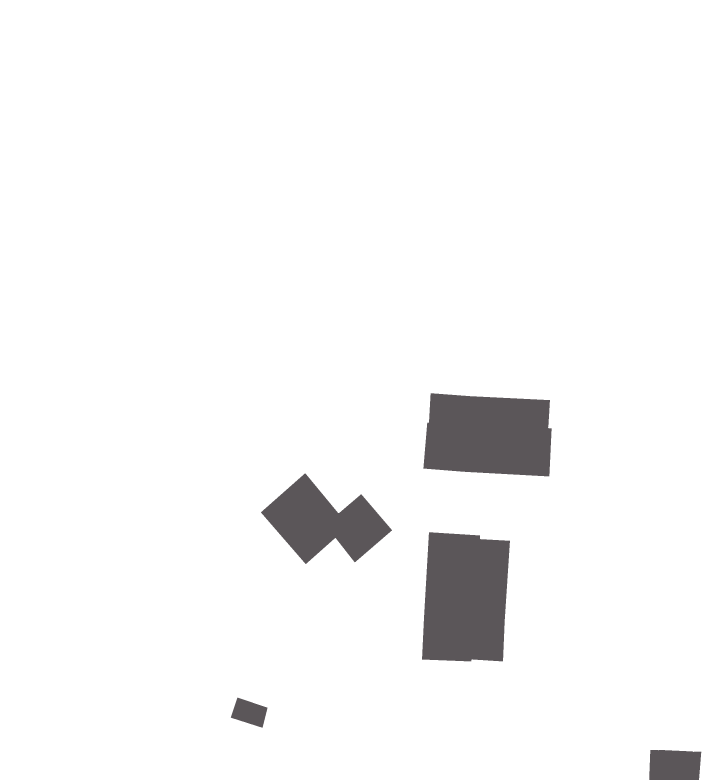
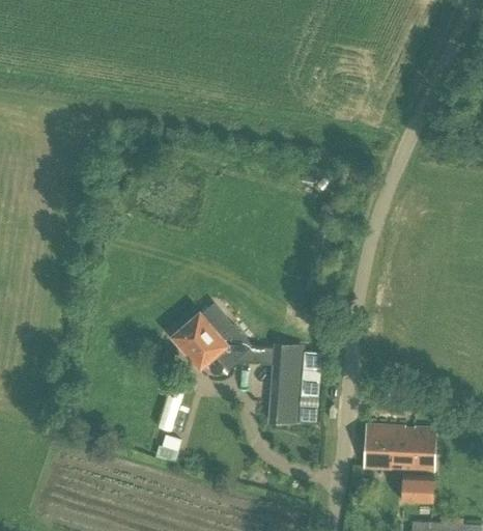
building: [423,393,552,477] -> none
building: none -> [363,424,435,472]

